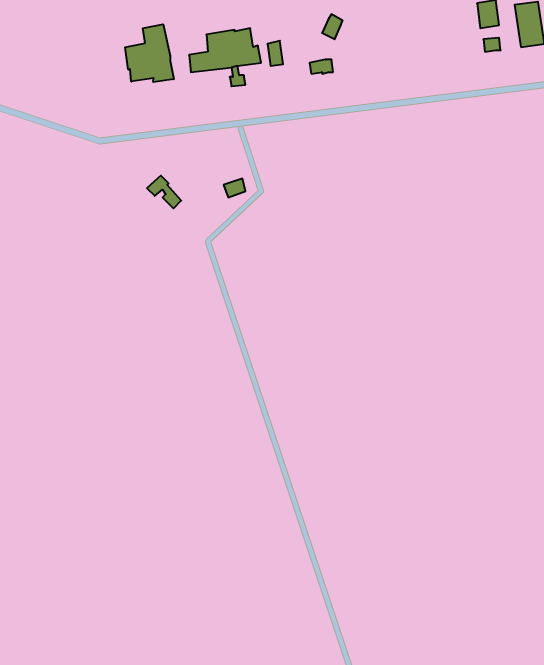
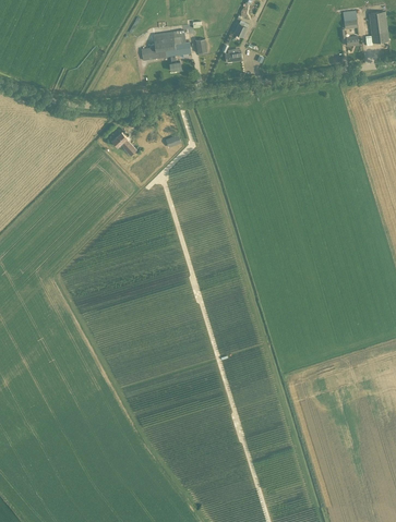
building: [125,24,174,82] -> none

